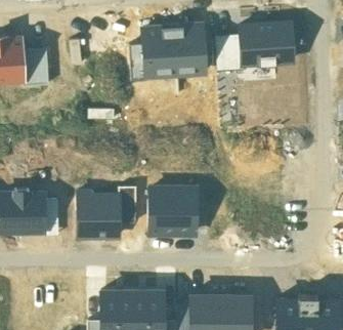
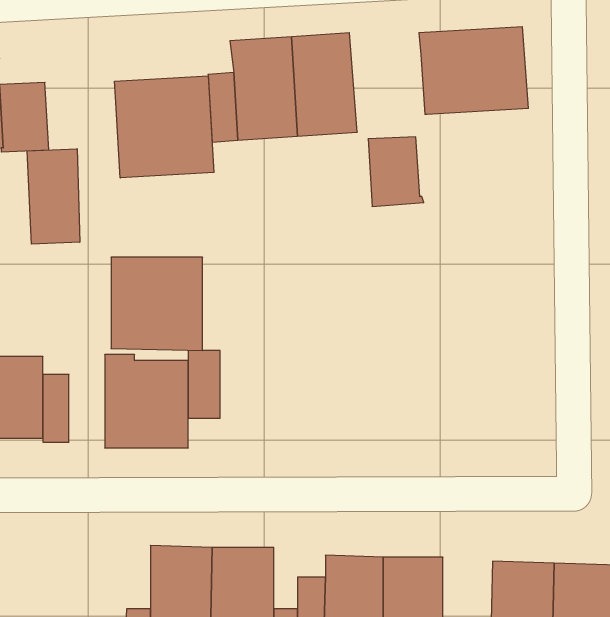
building: [215,35,244,71] -> [368,137,424,206]
building: none -> [115,76,214,178]
building: none -> [27,149,80,244]
building: [149,187,197,235] -> [111,257,203,351]

